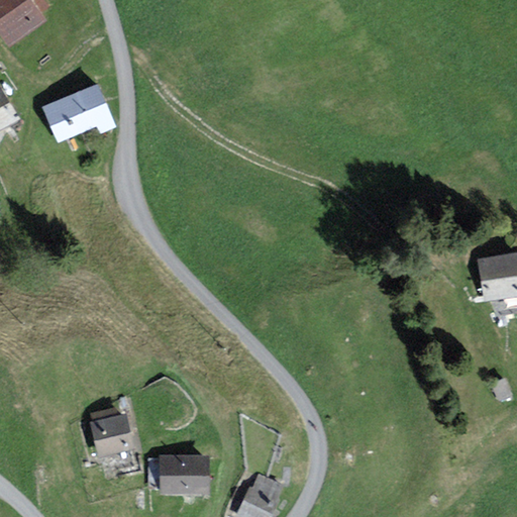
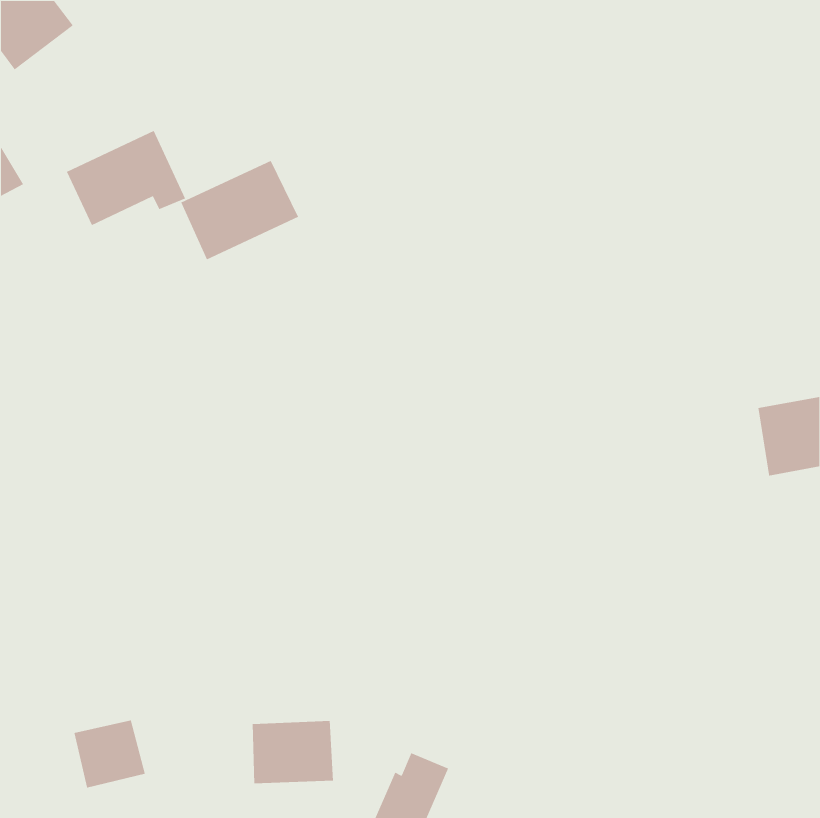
building: none -> [180,160,299,260]
building: [89,413,134,456] -> [74,720,146,789]

